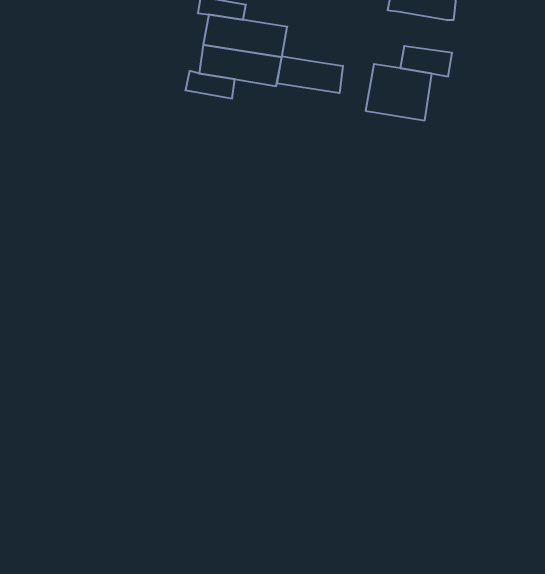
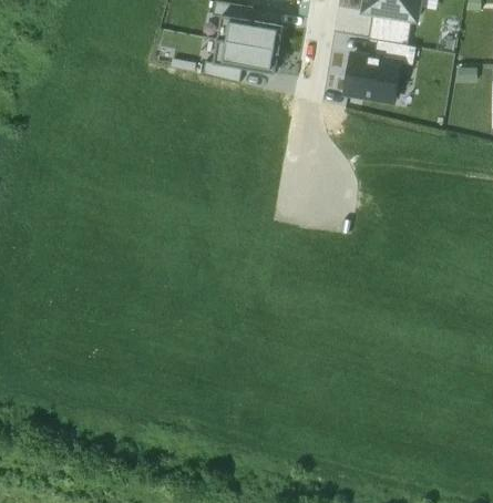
building: none -> [368,11,411,43]
building: [277,56,343,93] -> none

